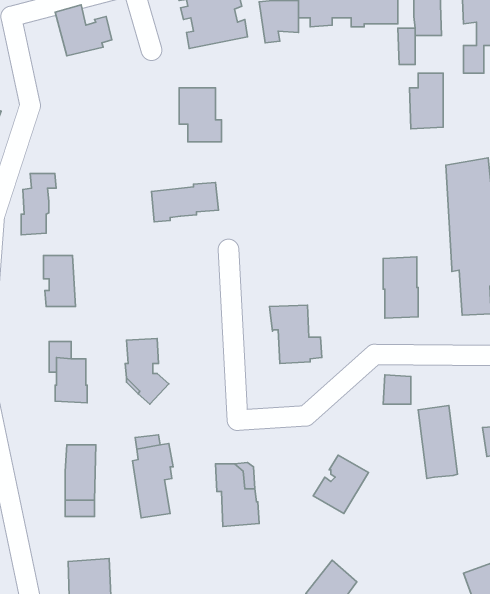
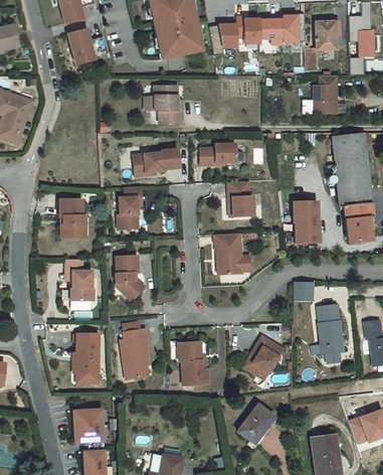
building: [21,174,56,235] -> [119,188,143,230]
building: none -> [201,145,236,165]
building: none -> [229,182,254,217]

